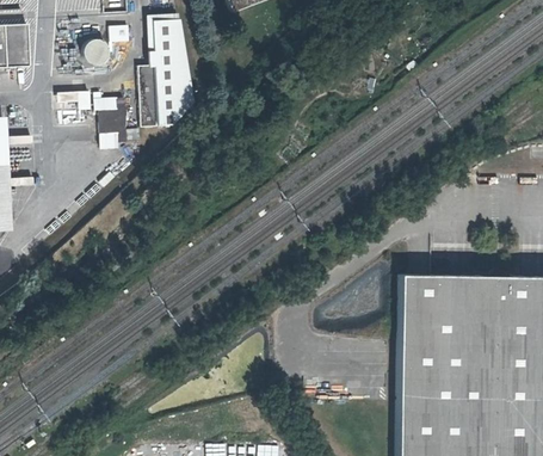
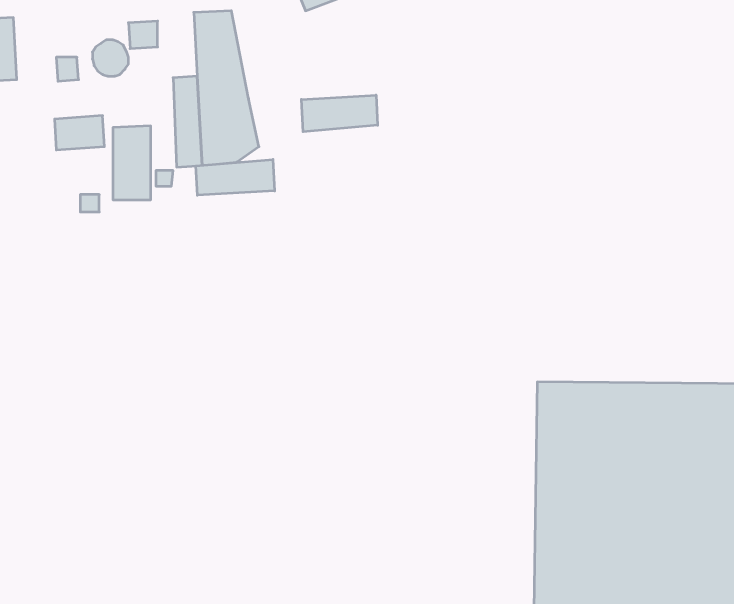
building: none -> [301,95,378,132]
building: none -> [196,159,275,195]

